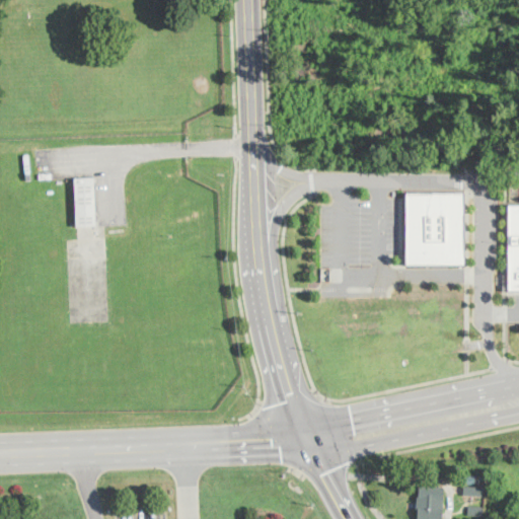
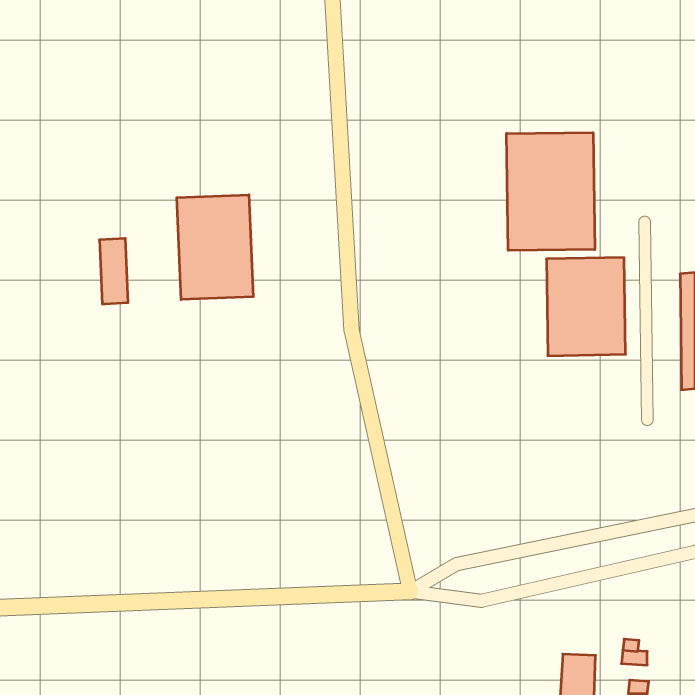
building: none -> [507,133,595,250]
building: none -> [177,195,253,300]

